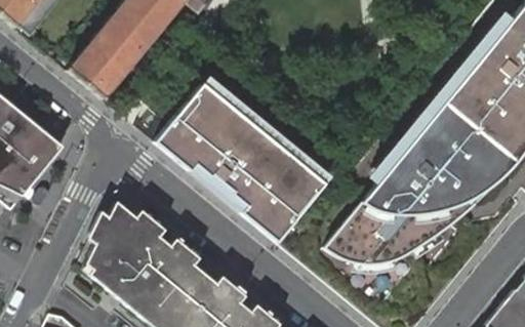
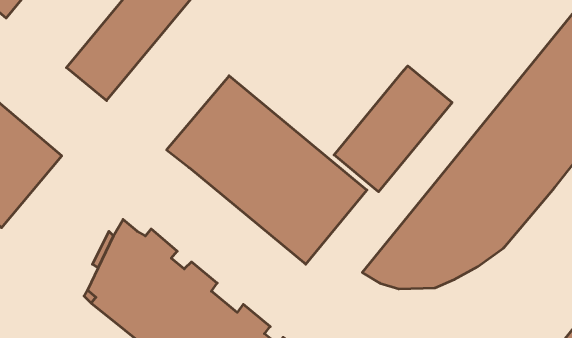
building: none -> [334,66,452,192]

